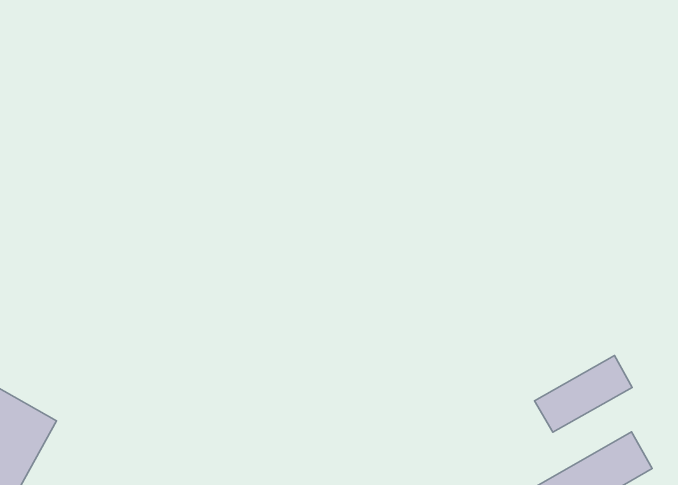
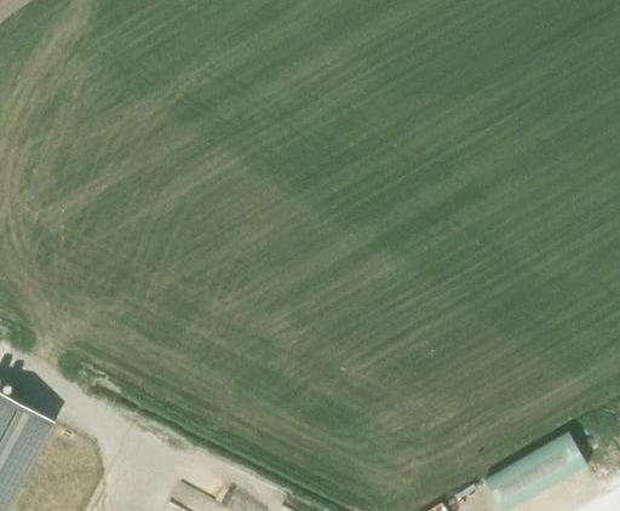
building: [535,355,632,432] -> none

